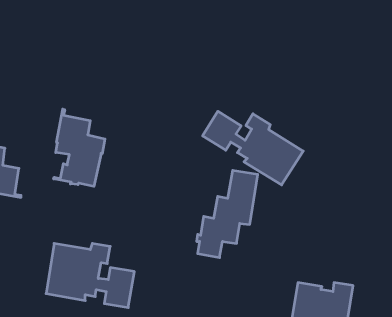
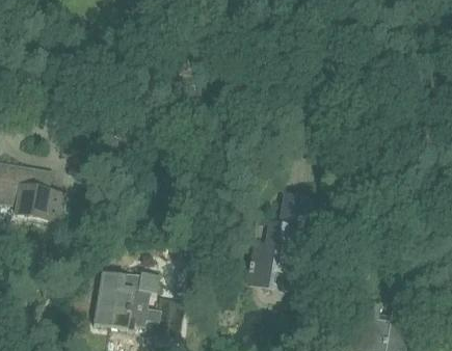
building: [54,109,105,186] -> none
building: [203,111,303,185] -> none

